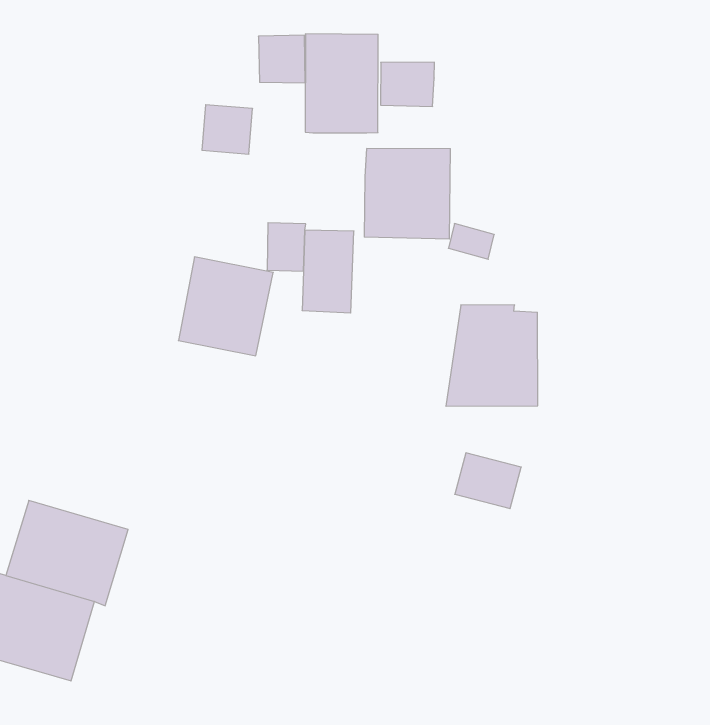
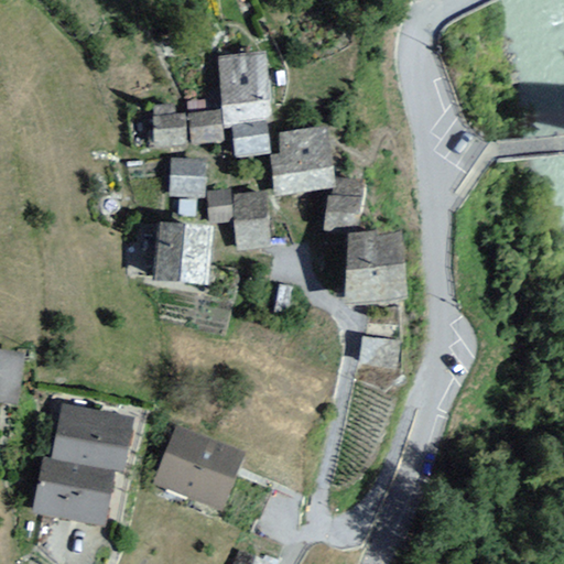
building: [258,35,305,83] -> [186,107,223,143]
building: [381,62,434,106] -> [229,120,269,154]
building: none -> [166,155,205,197]
building: none -> [322,193,361,231]
building: none -> [152,424,245,510]

